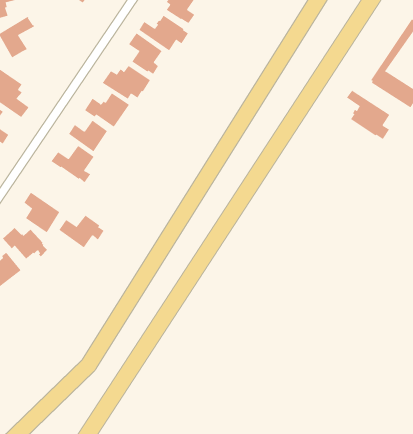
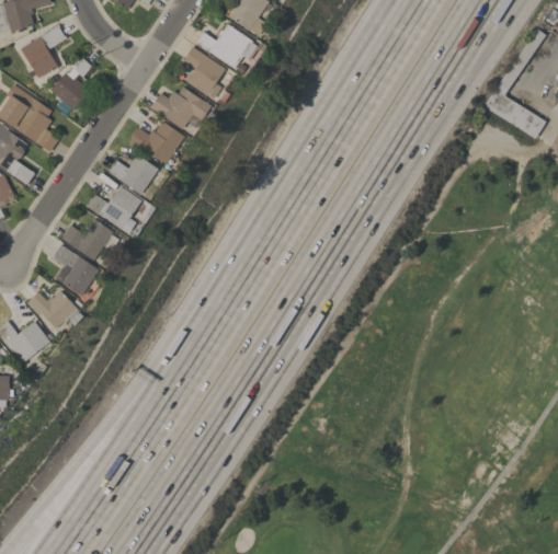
building: none -> [50,56,92,116]
building: [346,90,390,140] -> none
building: [59,215,104,248] -> [61,219,118,261]

